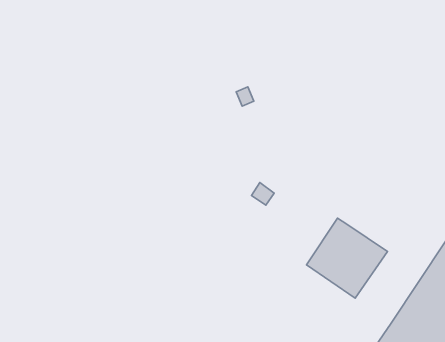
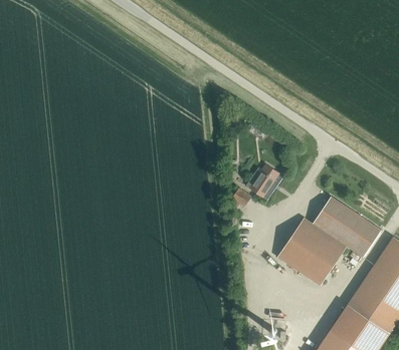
building: none -> [247,163,281,200]
building: none -> [311,197,379,257]

